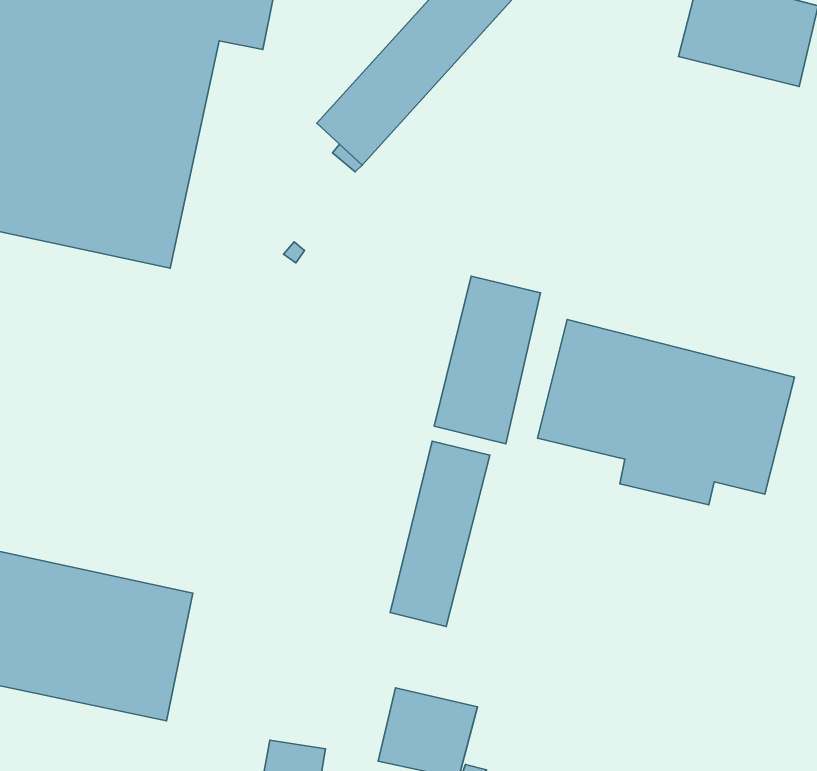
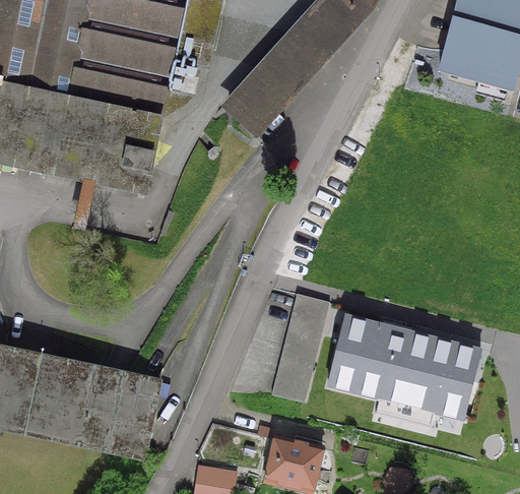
building: [434,276,541,444] -> none
building: [538,319,794,505] -> [330,312,479,420]

